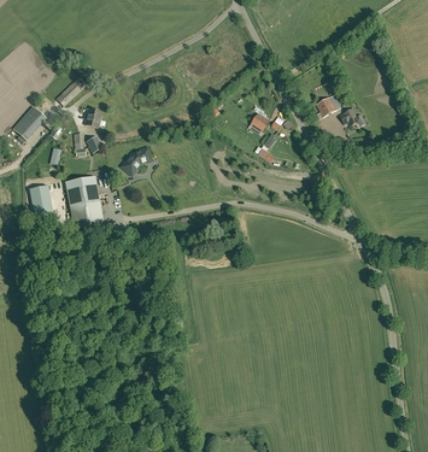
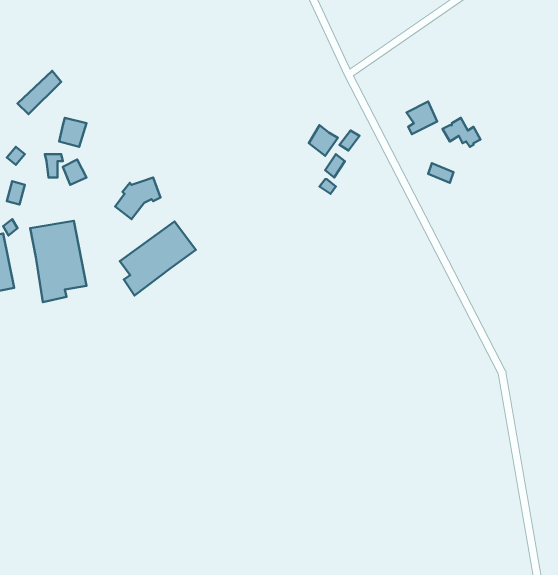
building: none -> [120,222,196,296]

